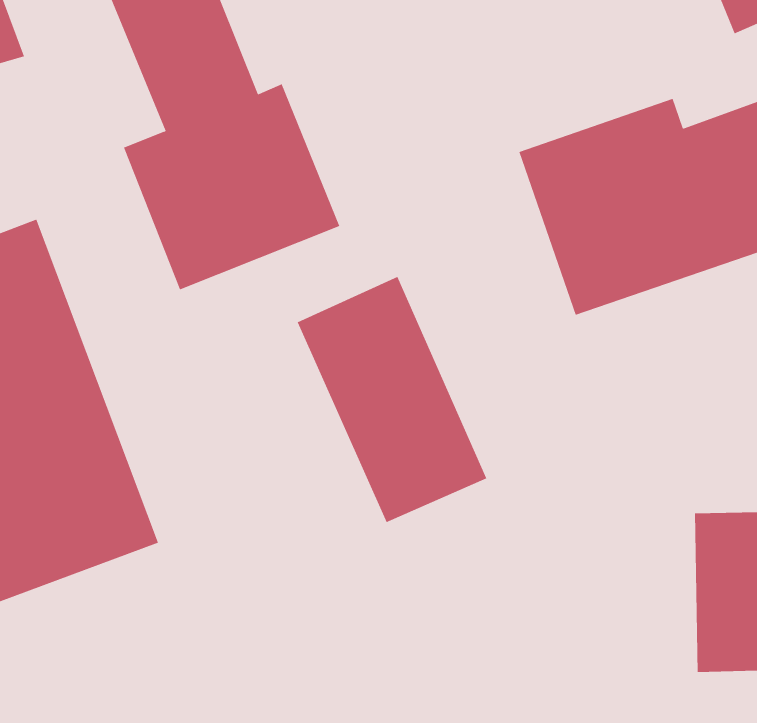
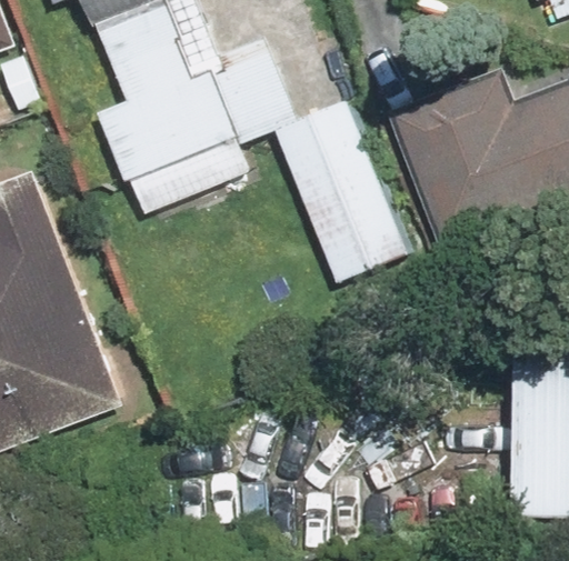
building: [297,276,487,523] -> [273,92,416,277]

